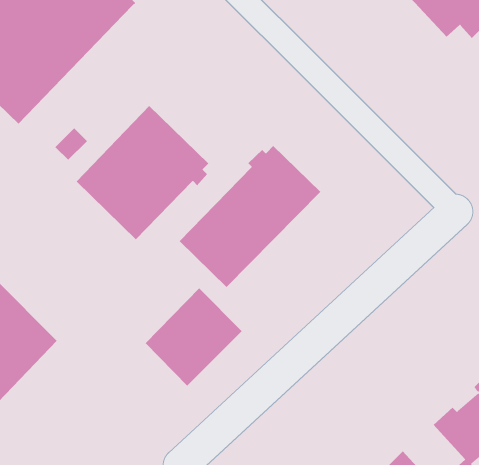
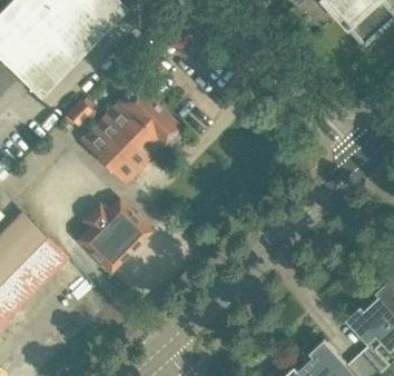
building: [179,145,321,288] -> none
building: [145,287,243,387] -> [78,199,150,273]

